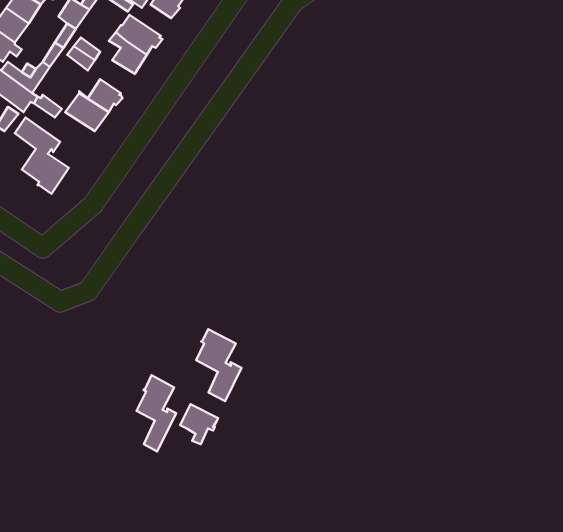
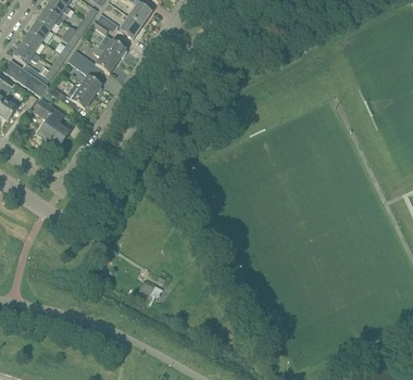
building: [196,329,242,401] -> none
building: [137,375,176,451] -> none

